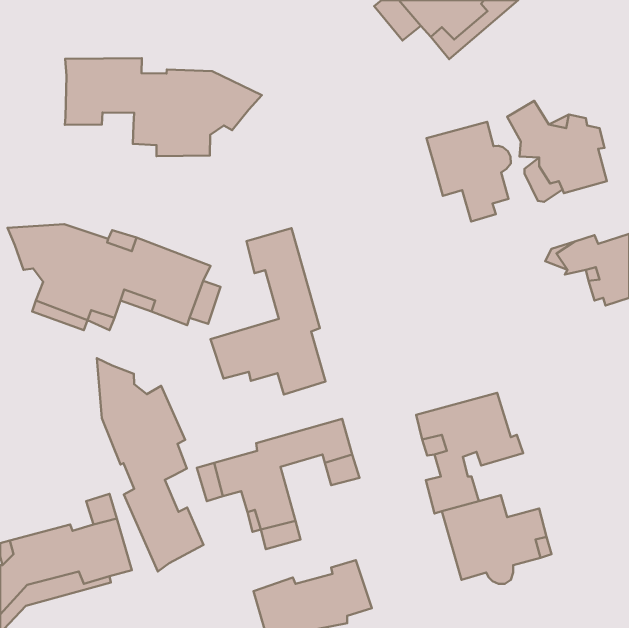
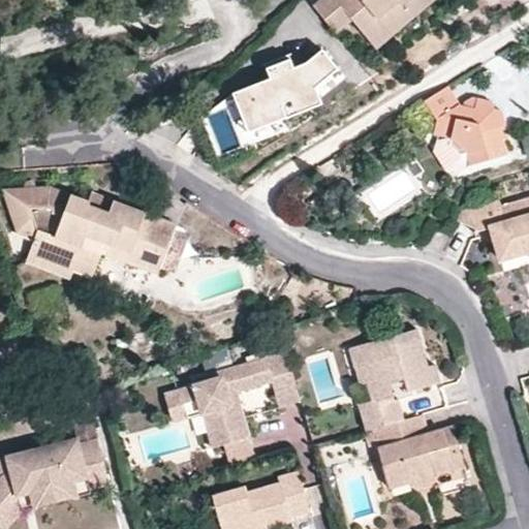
building: none -> [231,46,332,127]
building: [65,58,262,156] -> none
building: [426,122,511,221] -> none
building: [211,228,325,394] -> none
building: [97,358,204,572] -> none

